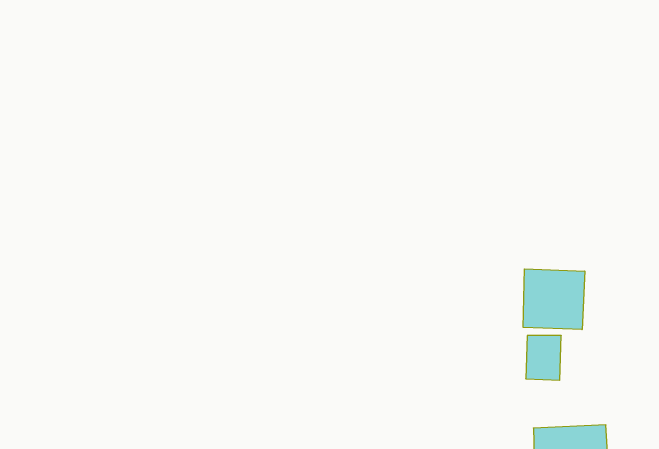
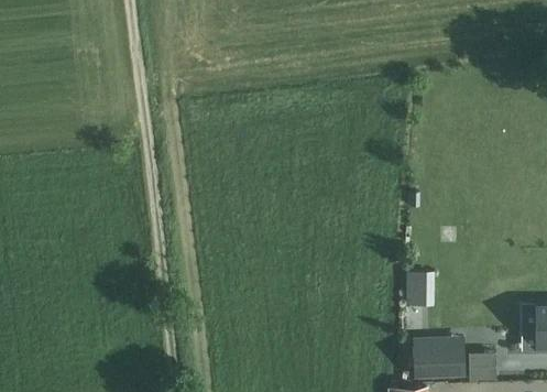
building: [523,269,585,330] -> none

